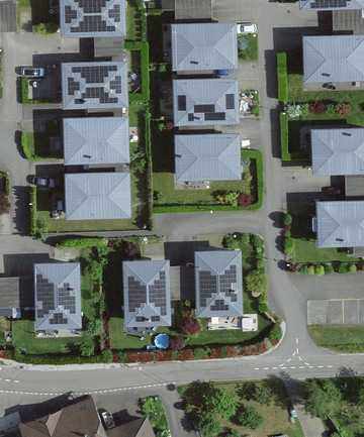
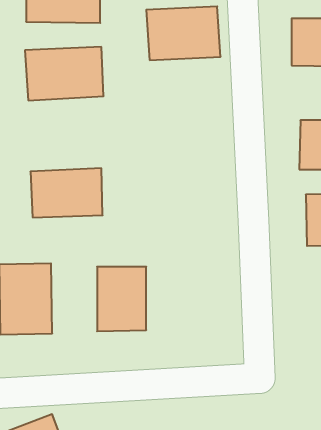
building: [174,80,238,123] -> none
building: [64,123,128,166] -> none
building: [175,133,237,181] -> none
building: [194,249,243,317] -> none

